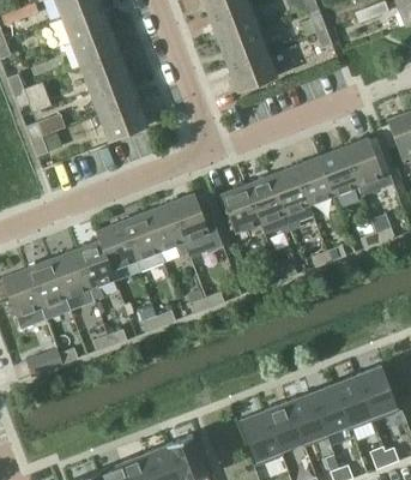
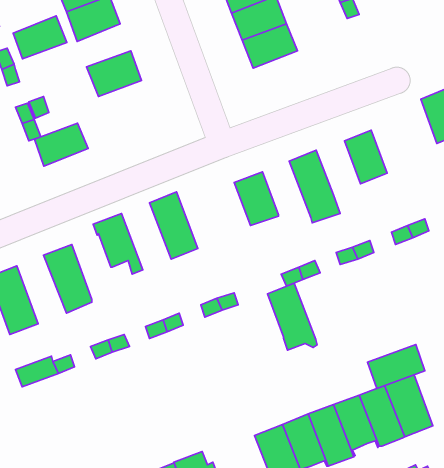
building: [80,53,128,91] -> [13,16,67,59]
building: [99,103,147,142] -> [34,123,88,166]
building: [343,138,393,197] -> none
building: [294,157,333,205] -> none
building: [246,175,290,235] -> [267,283,317,350]
building: [169,193,208,253] -> none
building: [120,212,164,272] -> none
building: [75,240,115,299] -> none
building: [26,259,71,320] -> none
building: none -> [368,345,425,389]

